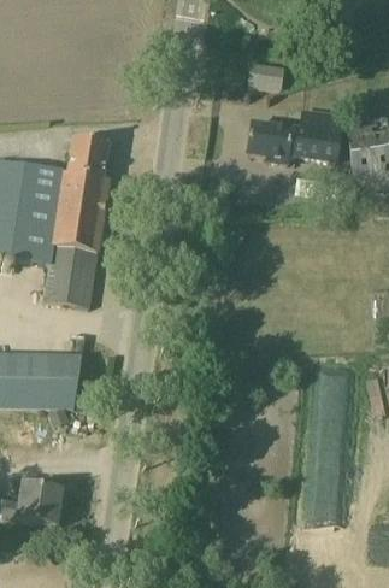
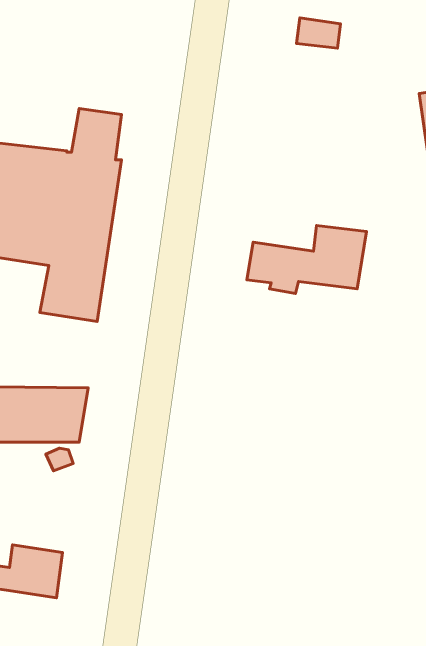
building: [248,108,343,163] -> [247,226,366,294]

